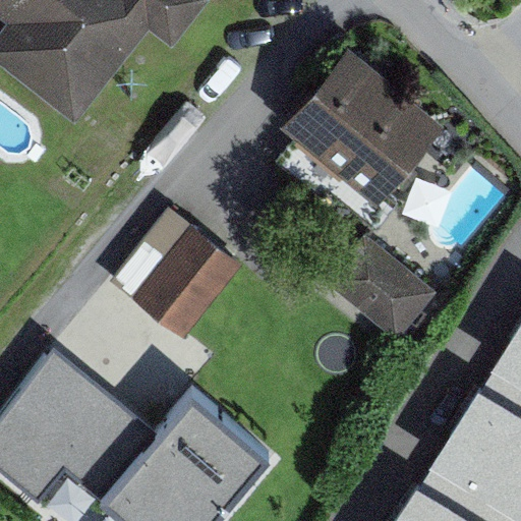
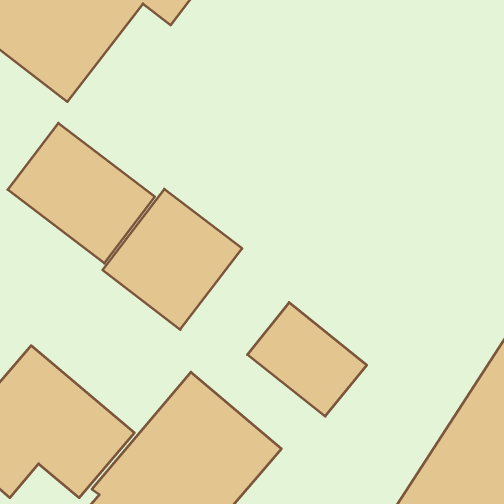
building: [286,40,452,202] -> none
building: none -> [8,123,155,263]
building: [326,233,440,342] -> [247,302,367,416]

